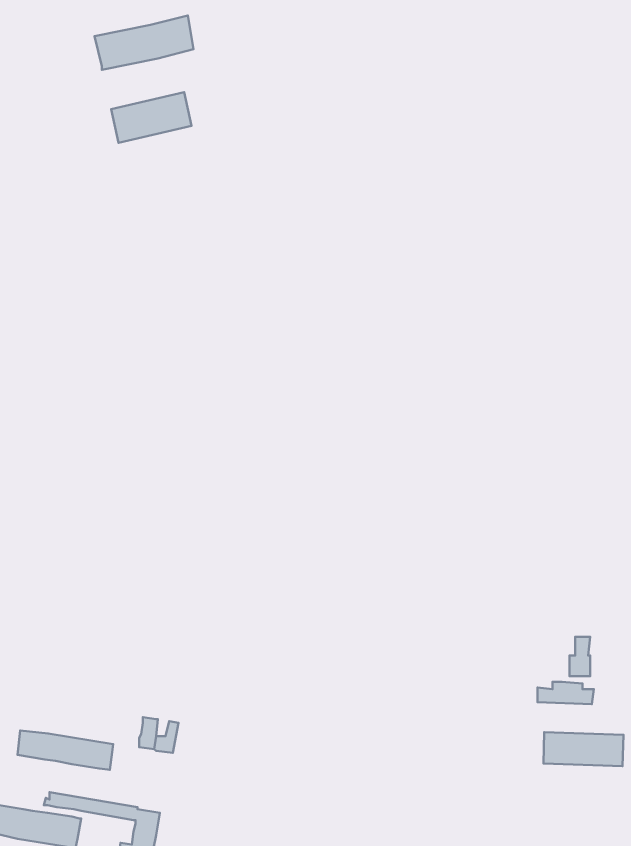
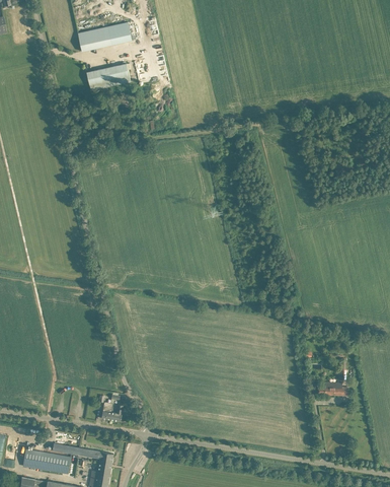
building: [17,731,113,770] -> none
building: [543,732,623,766] -> none

